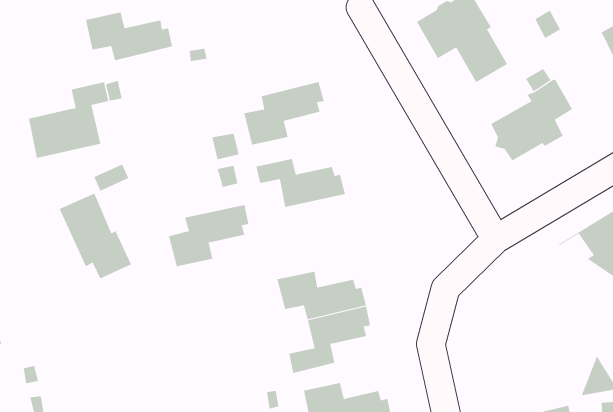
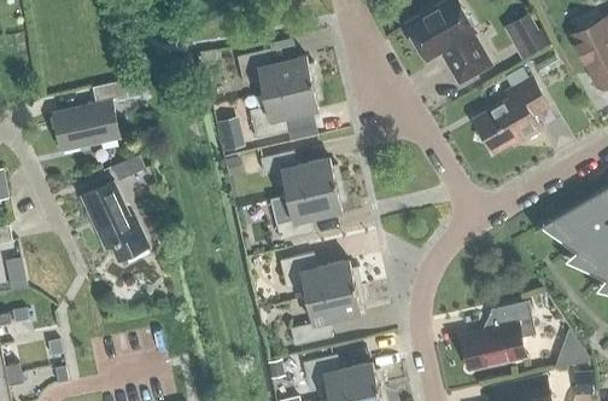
building: [85,12,173,61] -> [238,50,317,94]
building: [168,204,249,267] -> [271,184,345,240]
building: none -> [461,302,534,370]

